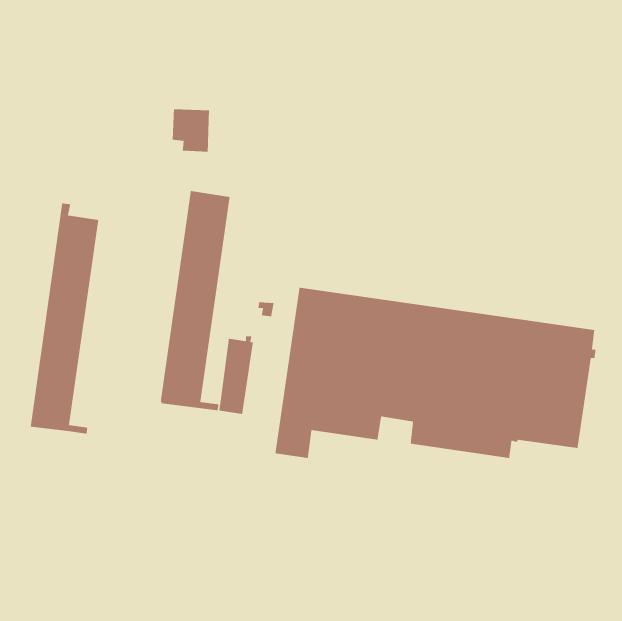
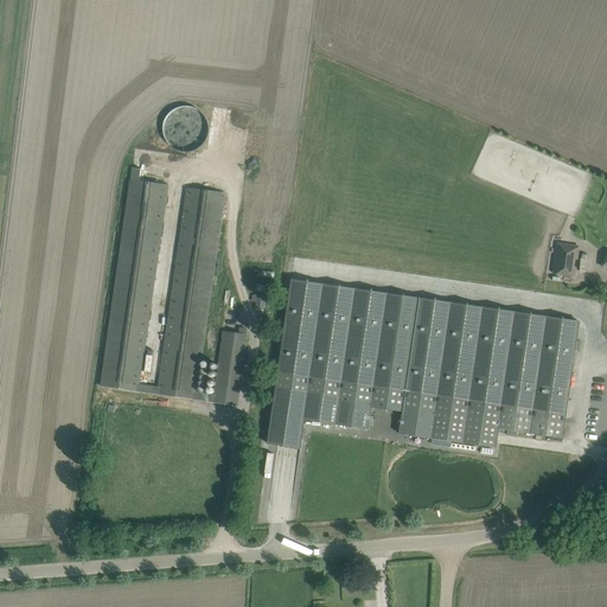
building: [30,203,99,434] -> [100,166,167,391]
building: none -> [552,241,579,275]

